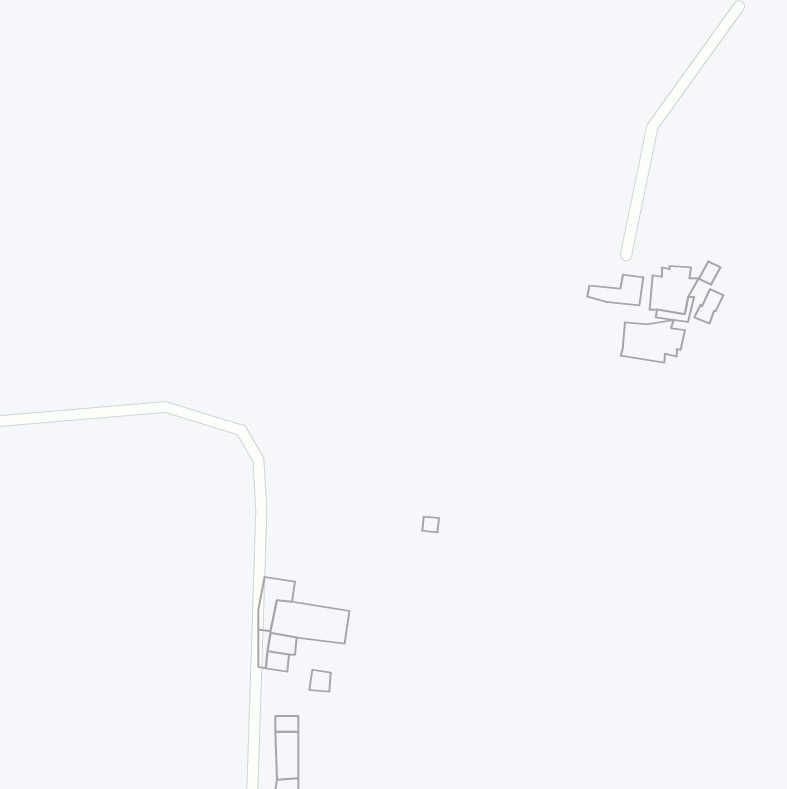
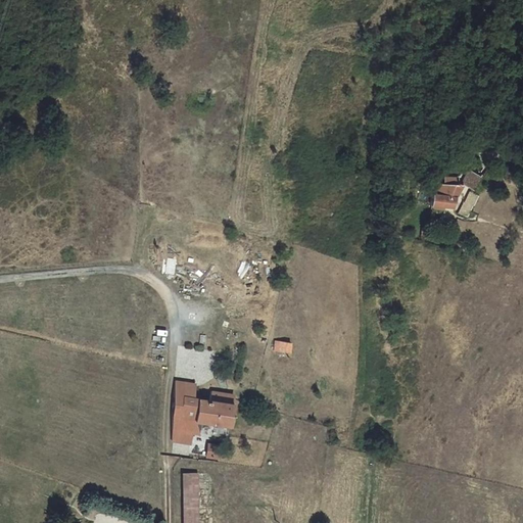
building: [588,274,643,305] -> none
building: [621,320,685,363] -> none

